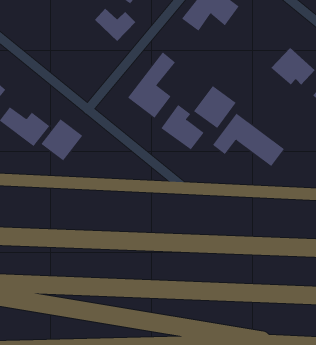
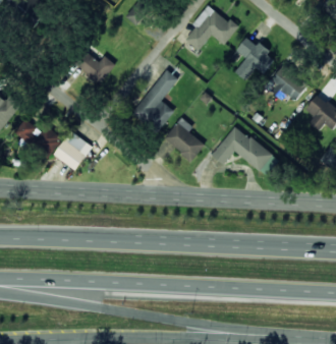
building: [94,8,136,42] -> [76,53,115,84]
building: none -> [235,36,274,80]
building: [193,85,237,129] -> none

